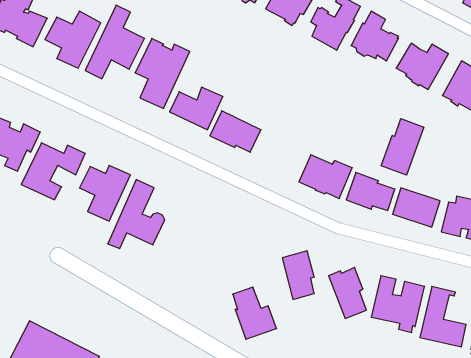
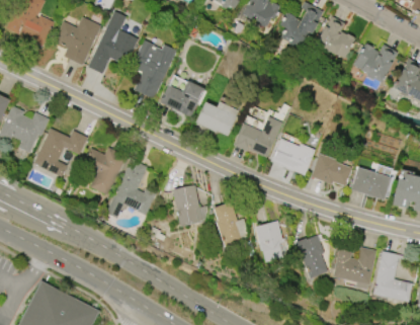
building: [381,119,424,175] -> none
building: none -> [233,115,282,157]
building: none -> [172,184,199,225]
building: [233,287,277,339] -> [214,201,251,246]

